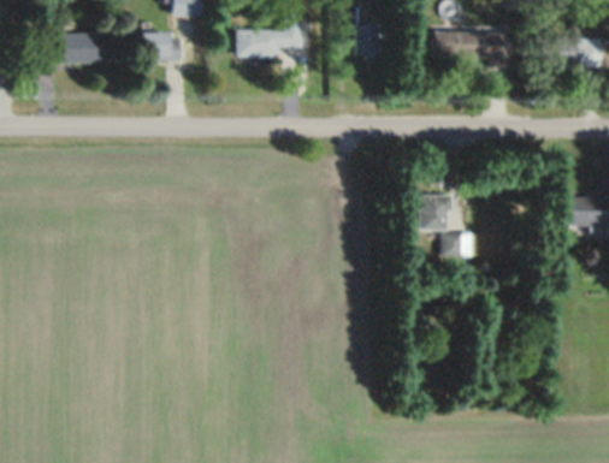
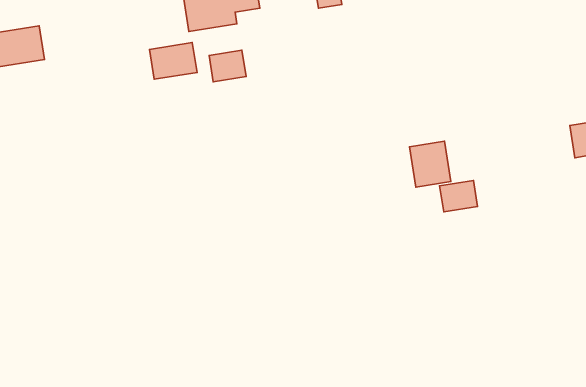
building: [143,32,183,60] -> [149,43,197,79]
building: none -> [209,50,246,82]

